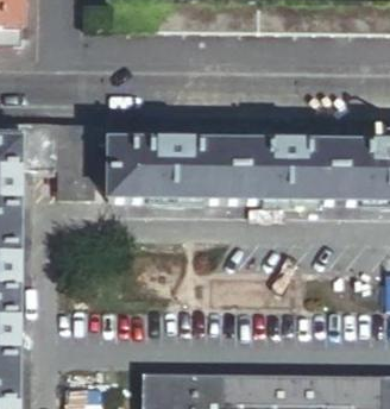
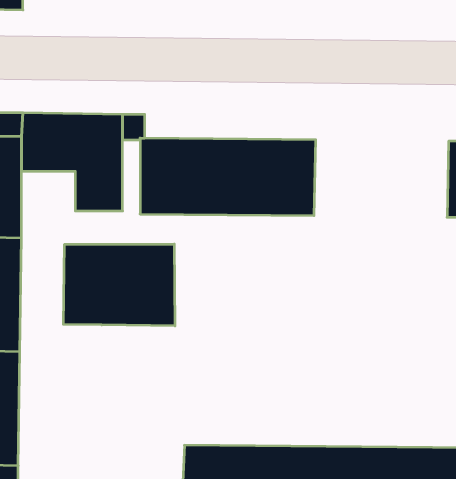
building: [245,143,346,201] -> none
building: none -> [63,244,175,326]

